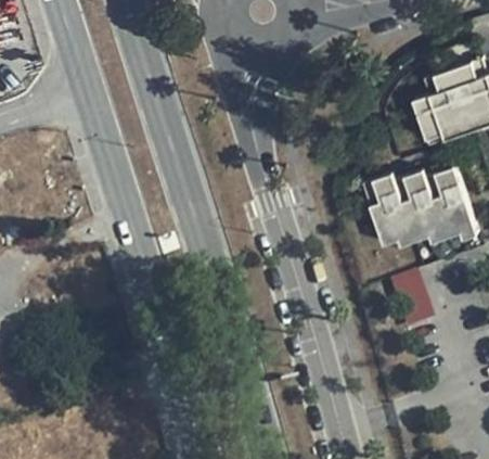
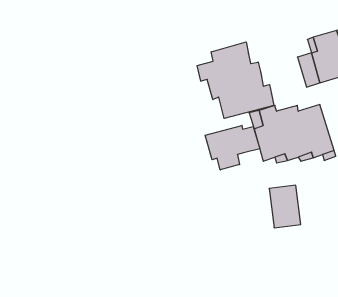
building: none -> [197,42,274,118]
building: none -> [205,125,260,170]

